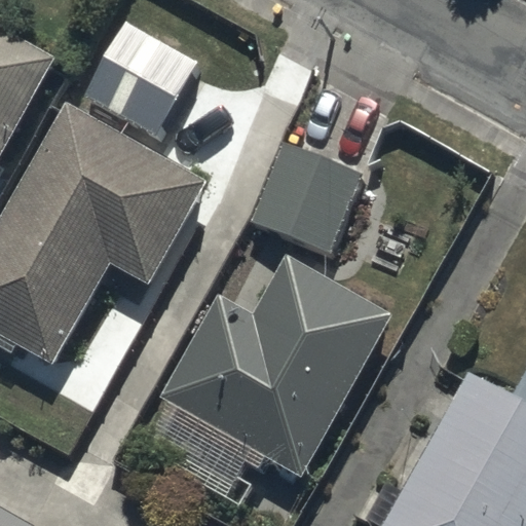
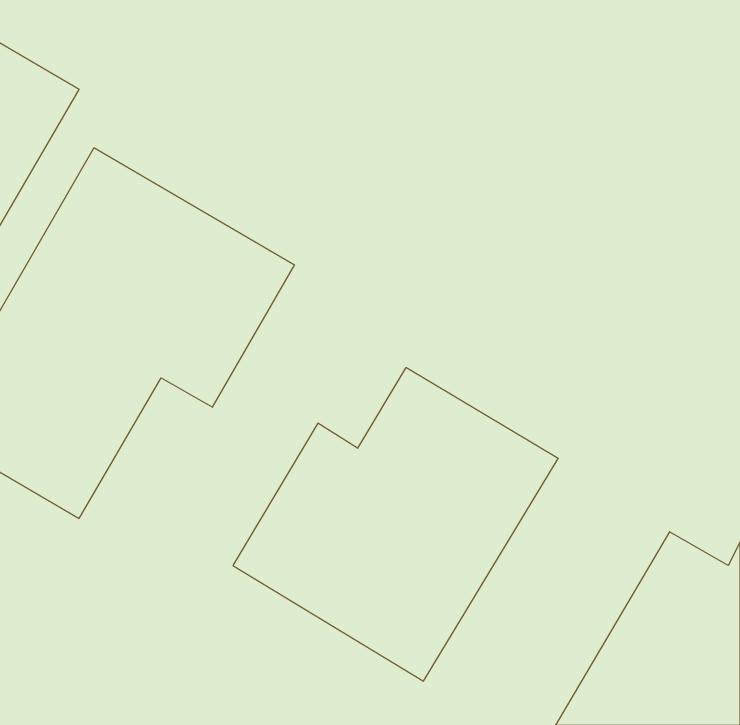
building: [82,22,198,136] -> none
building: [251,144,358,252] -> none

